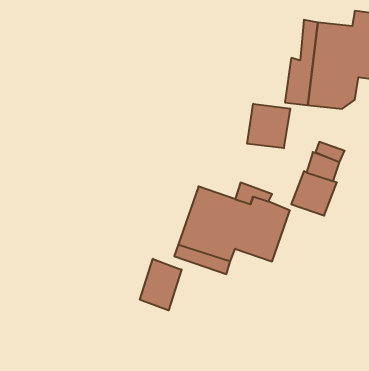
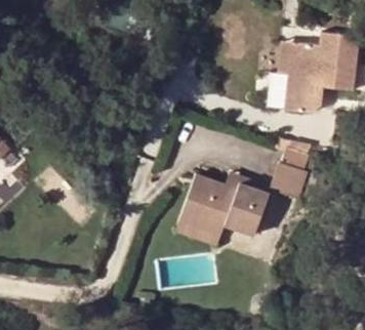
building: [247,104,290,148] -> none
building: [140,259,182,310] -> none

